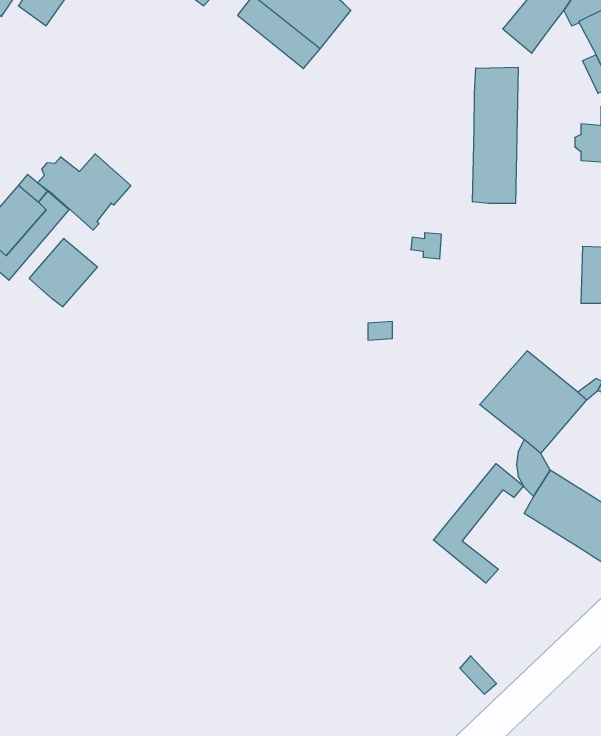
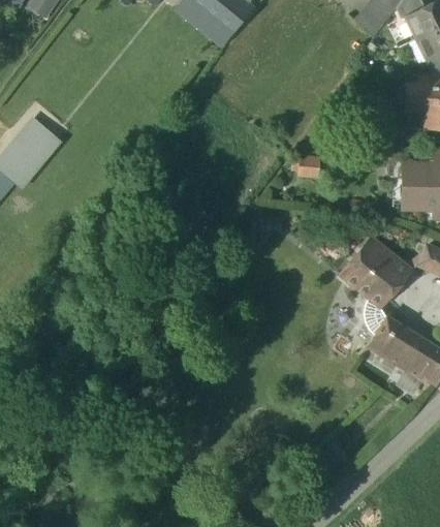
building: [473,67,518,204] -> none
building: [38,154,131,230] -> none
building: [29,238,97,307] -> none
building: [433,464,523,583] -> none

